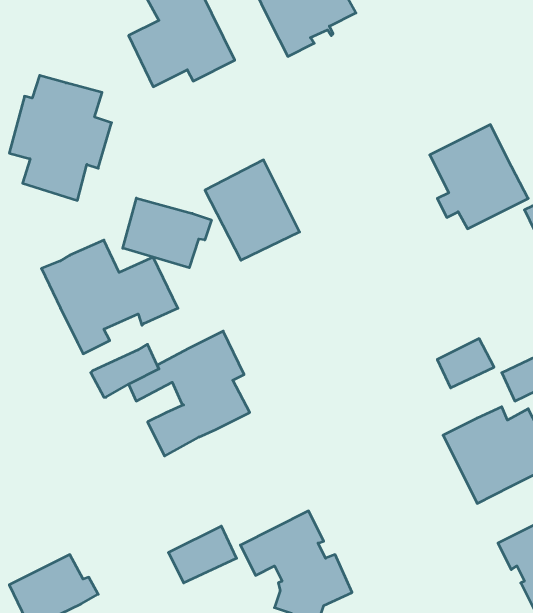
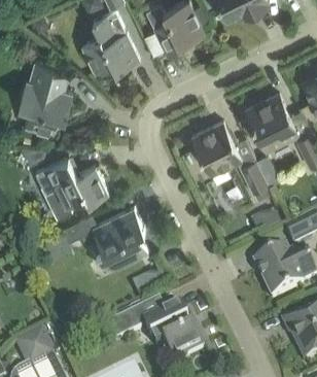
building: [205,160,300,260] -> [190,117,242,172]
building: [123,198,211,268] -> none
building: none -> [239,157,269,192]

